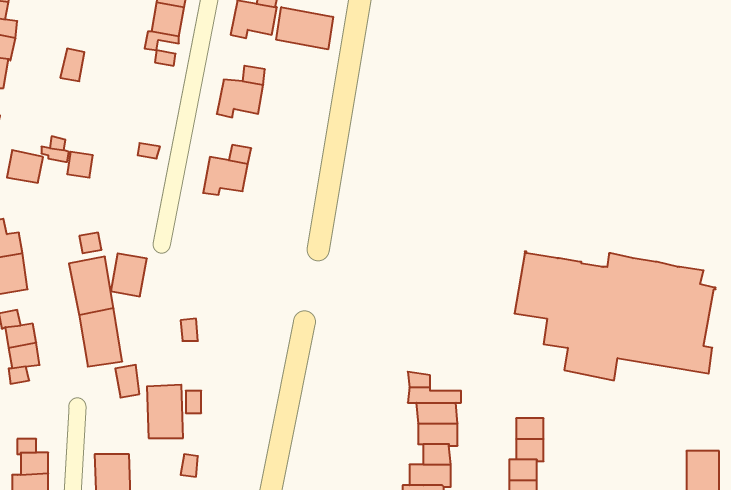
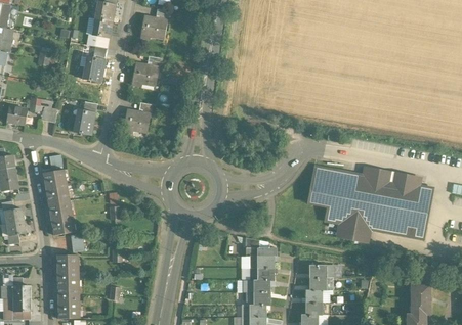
building: [276,7,333,49] -> none
building: none -> [83,56,104,82]
building: [111,253,147,296] -> [74,109,95,135]
building: [147,385,183,438] -> [57,254,79,286]

